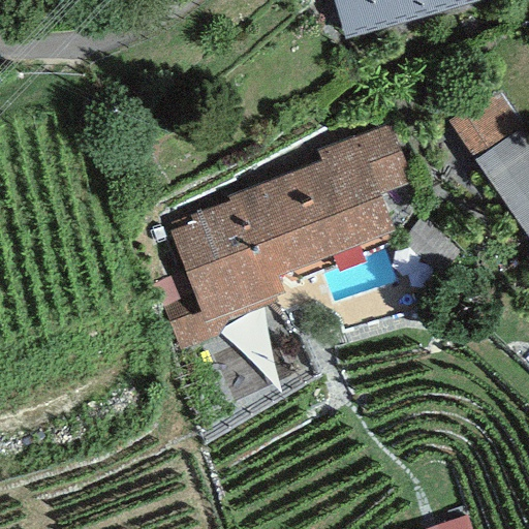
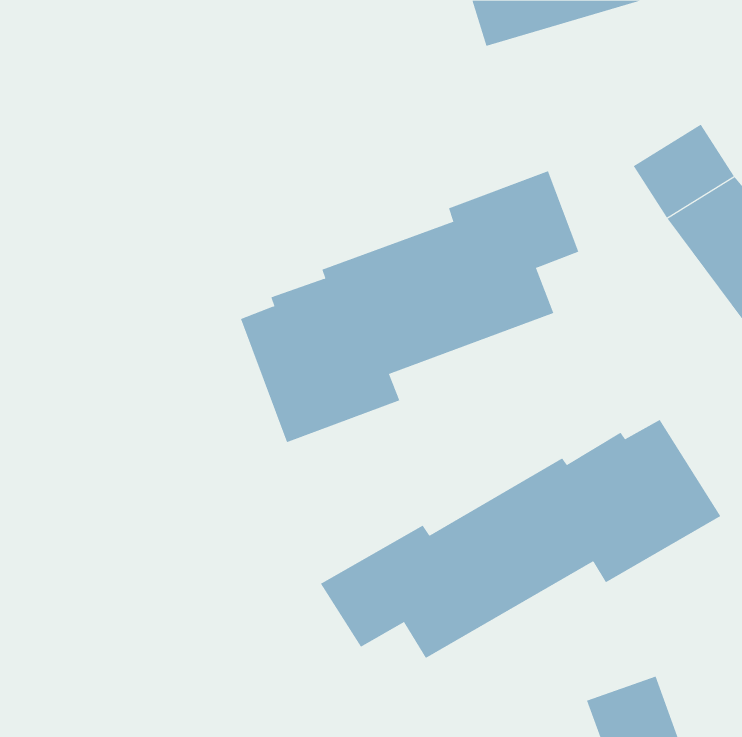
building: none -> [320,419,721,659]

